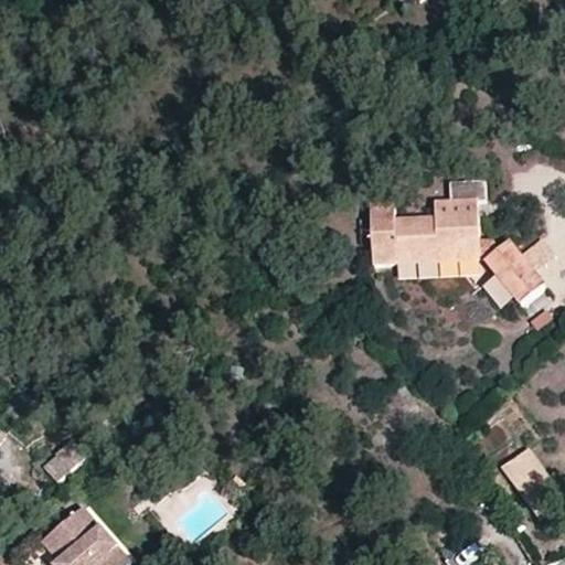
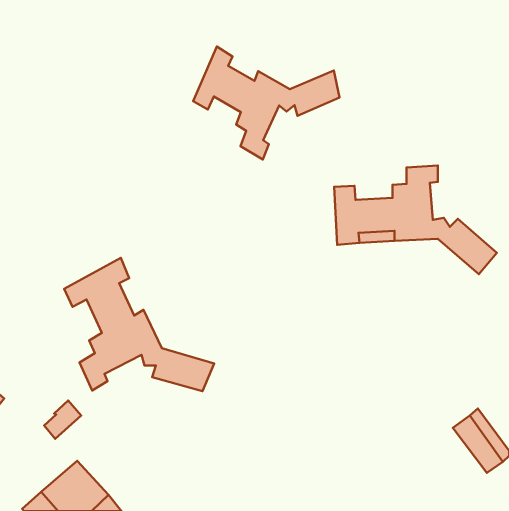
building: none -> [193,46,340,160]
building: none -> [64,258,214,391]

